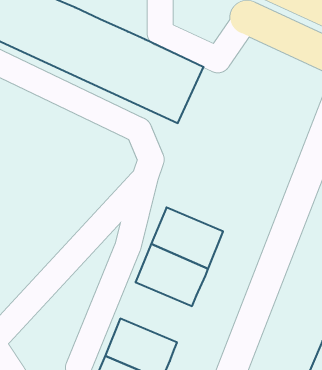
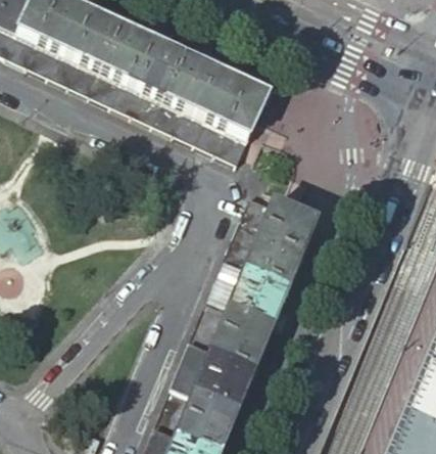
building: none -> [230,185,322,277]
building: none -> [177,335,259,405]

